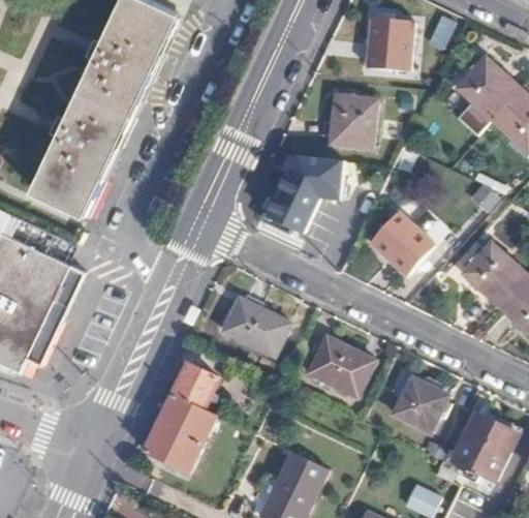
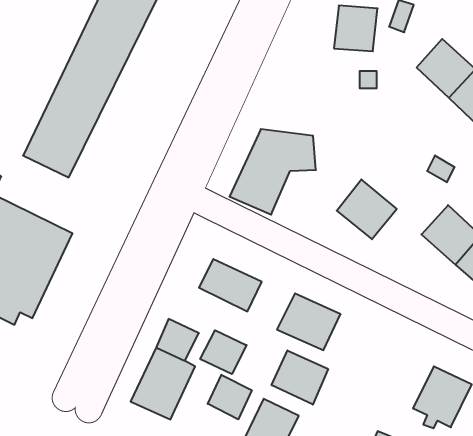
building: [330,96,376,146] -> none
building: none -> [200,330,247,374]
building: [392,378,446,432] -> none
building: none -> [272,350,328,405]
building: none -> [208,375,252,419]

